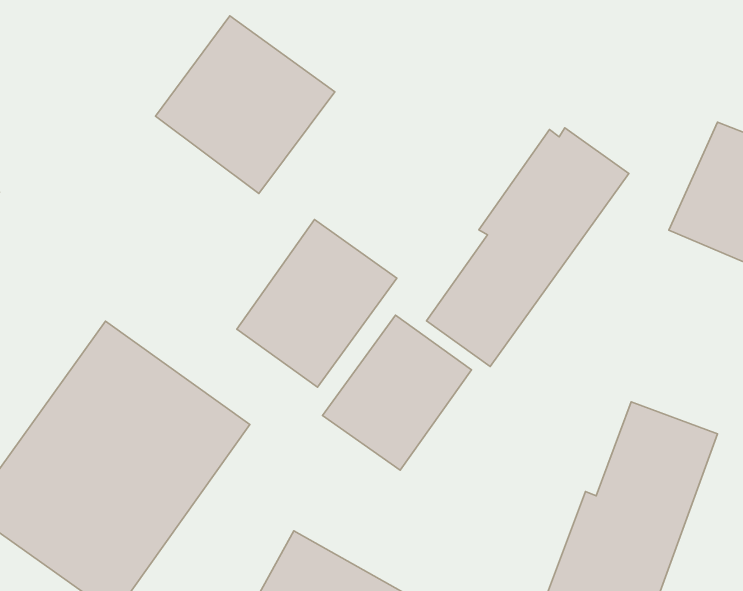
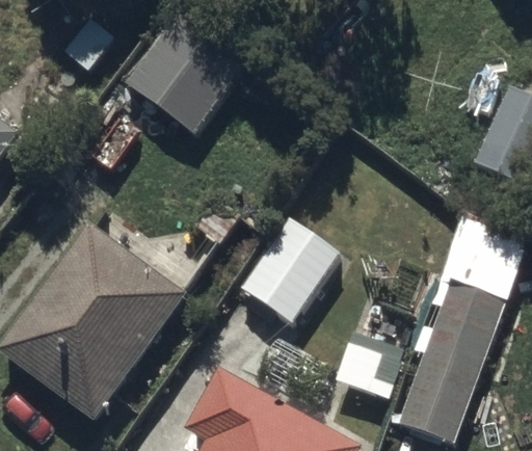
building: [426,128,629,366] -> none
building: [237,219,397,387] -> none

